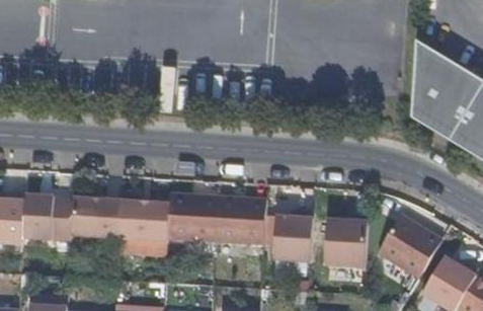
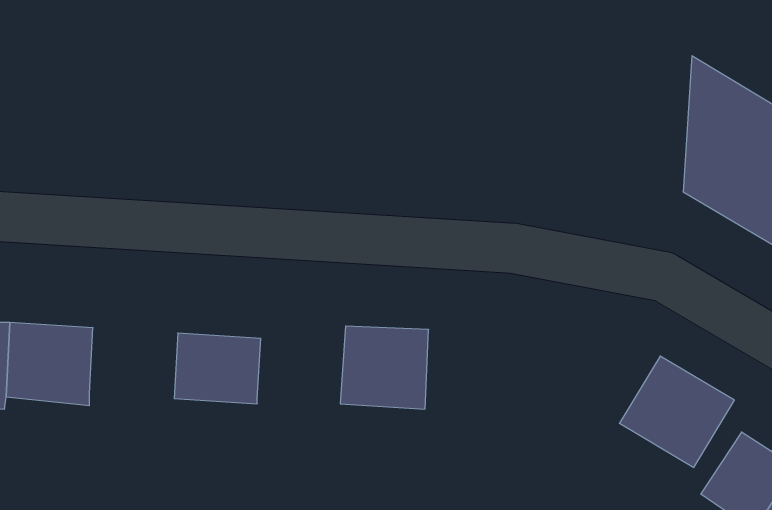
building: [167,193,218,241] -> none
building: [71,198,122,238] -> none
building: [272,211,313,261] -> none
building: [323,215,364,267] -> none

